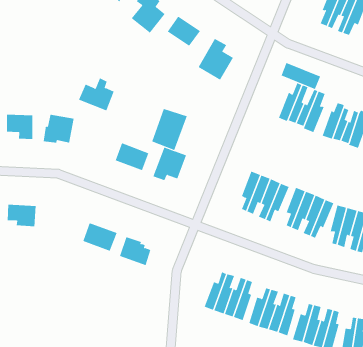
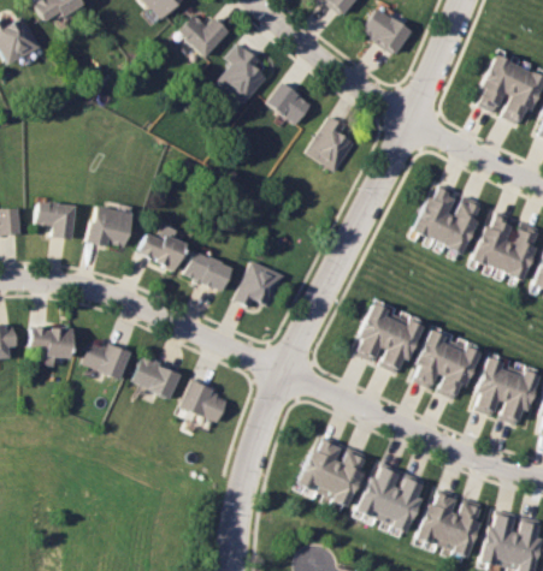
building: [281,62,321,90] -> none
building: [78,78,114,111] -> [136,225,187,272]
building: [152,108,187,151] -> none
building: none -> [83,343,130,379]

